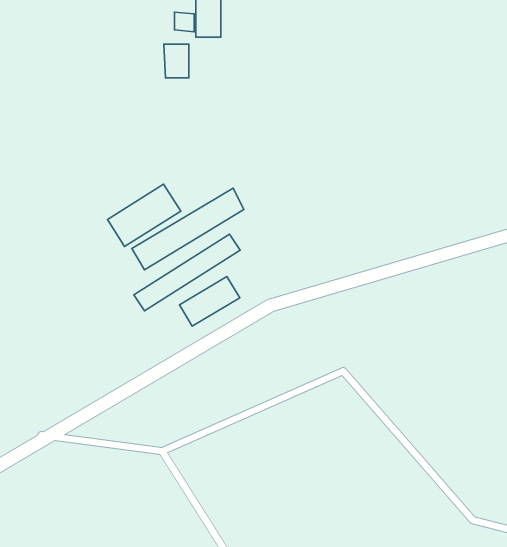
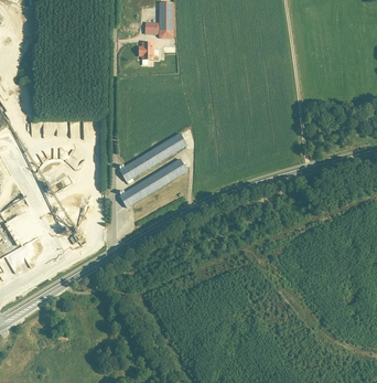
building: [107,184,181,247] -> none
building: [179,276,240,326] -> none

